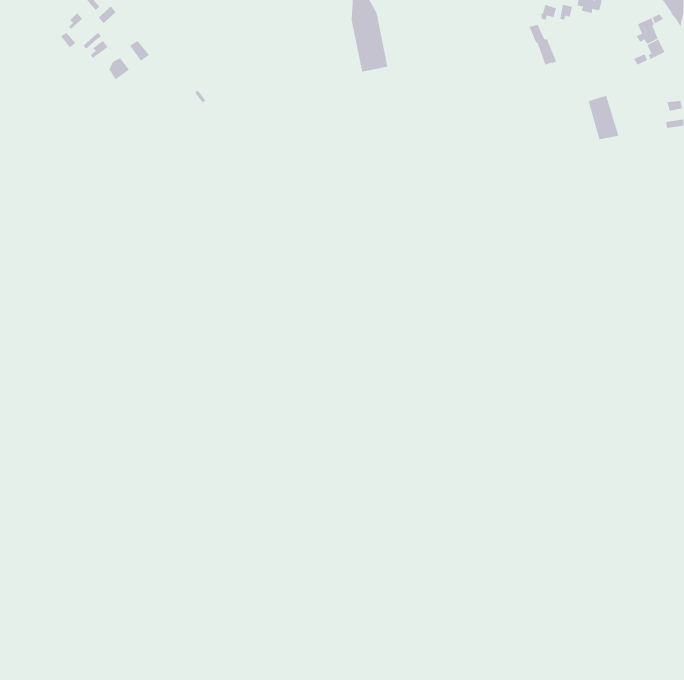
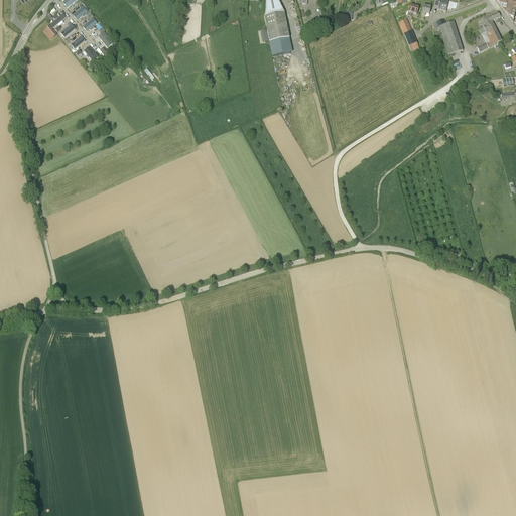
building: [588,96,619,140] -> [439,19,463,52]

